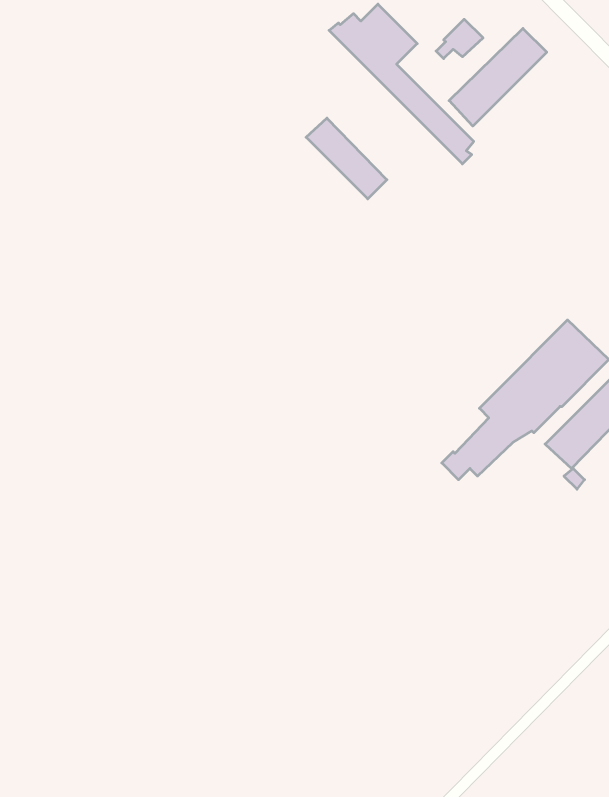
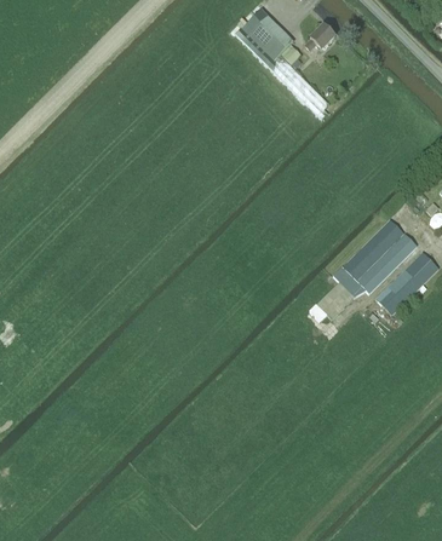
building: [449,28,547,126] -> none
building: [306,118,387,199] -> none

